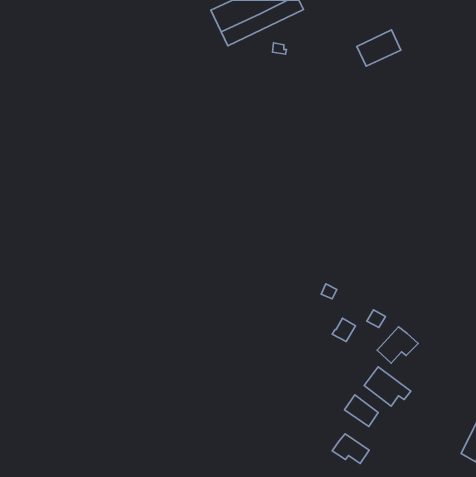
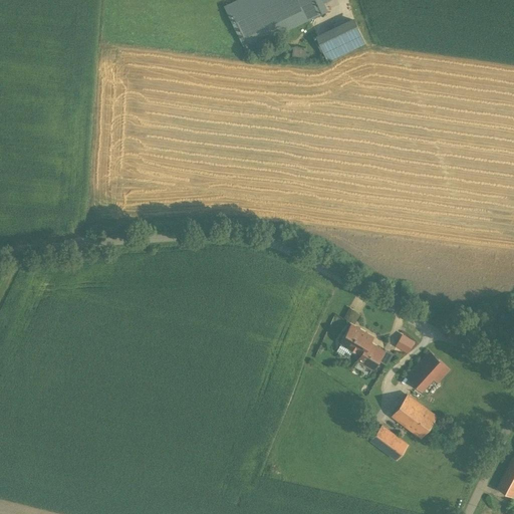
building: [357,30,401,66] -> [318,20,365,59]
building: none -> [341,324,373,354]
building: [332,434,369,463] -> none

